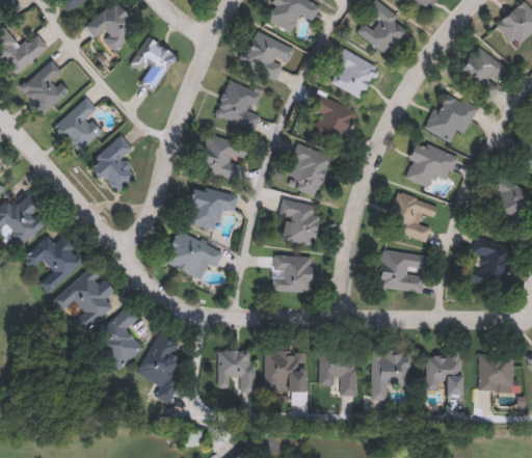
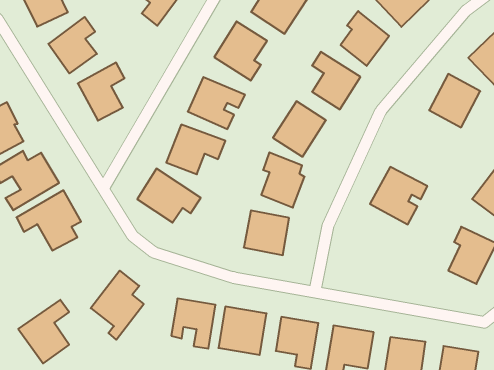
building: [407,140,459,188] -> none
building: [378,249,427,292] -> none
building: [92,305,143,369] -> [18,300,69,363]

